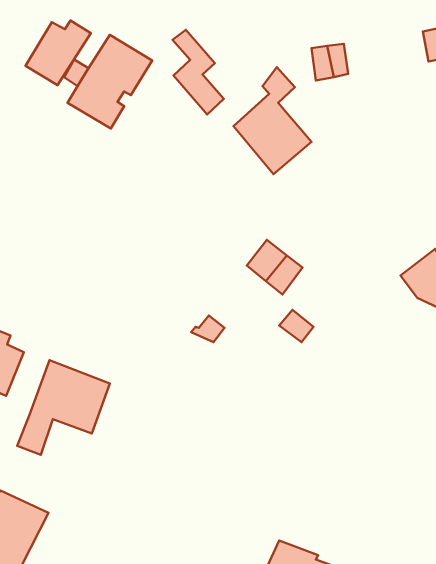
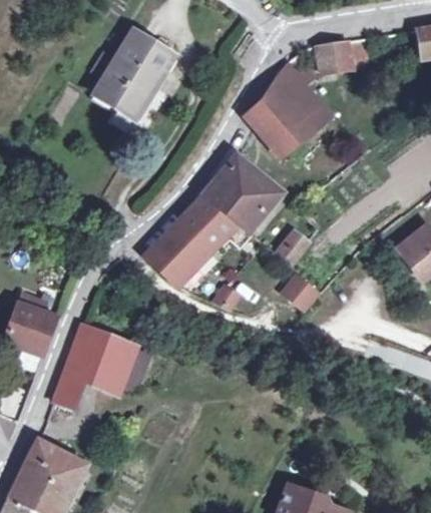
building: [25,20,91,85] -> none
building: [172,30,224,114] -> [286,53,332,129]
building: none -> [148,157,282,285]

